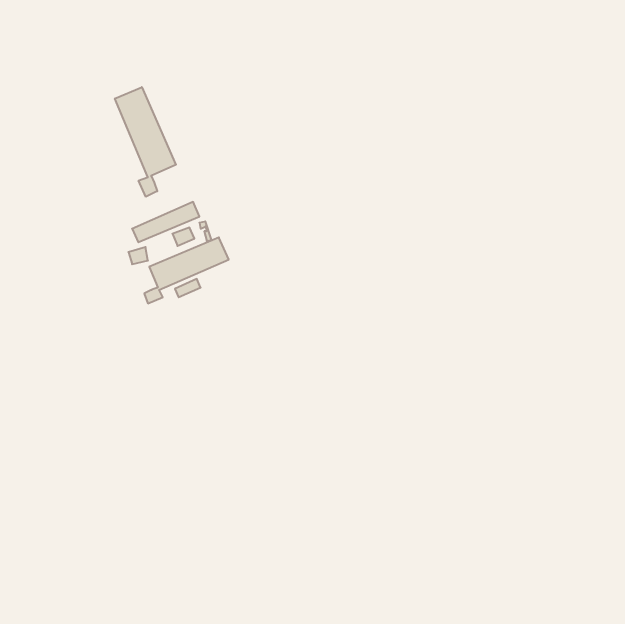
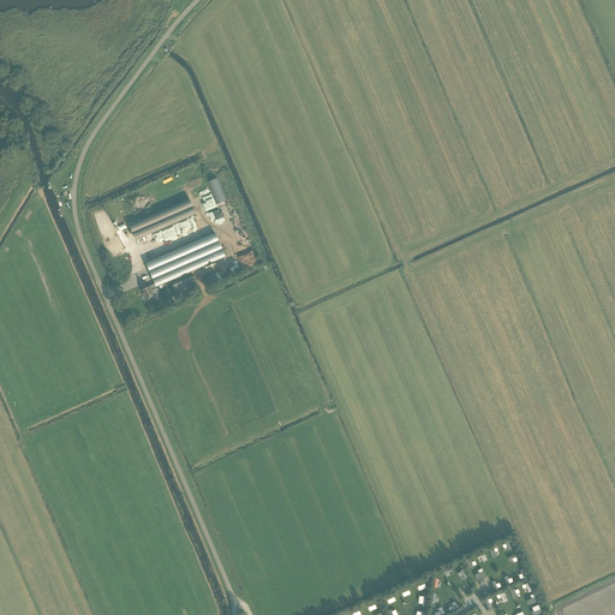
building: [115,87,176,197] -> none

